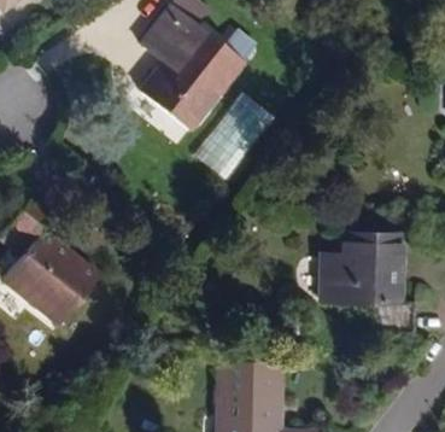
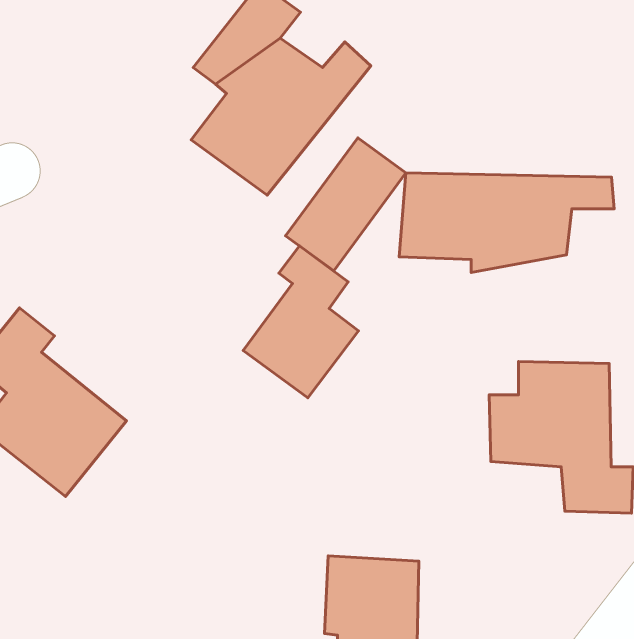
building: none -> [399,173,614,272]
building: none -> [243,246,358,398]

